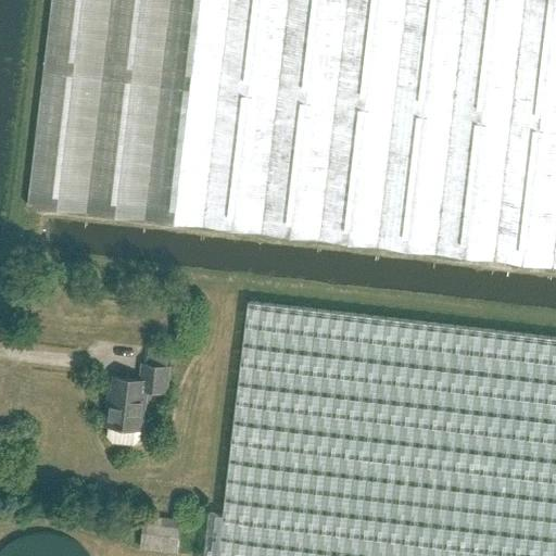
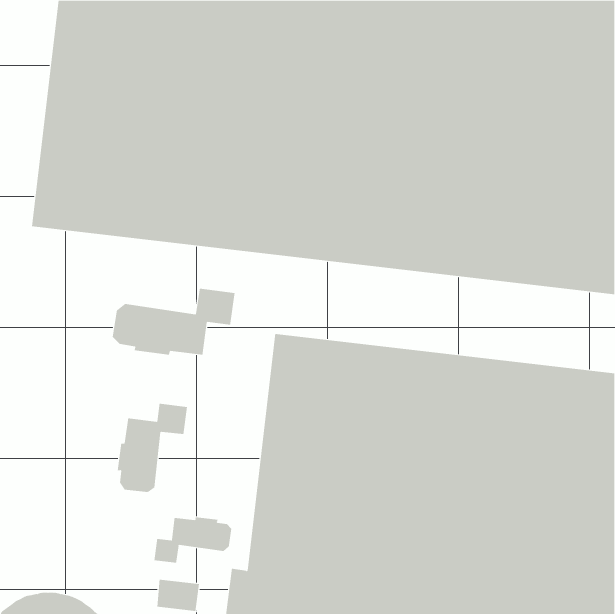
building: none -> [112,288,235,356]
building: none -> [154,517,232,563]

